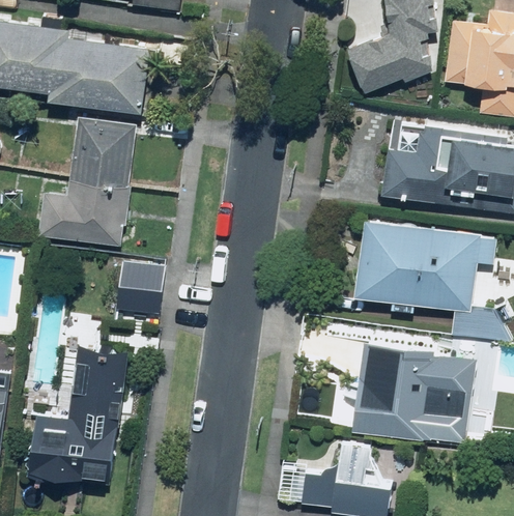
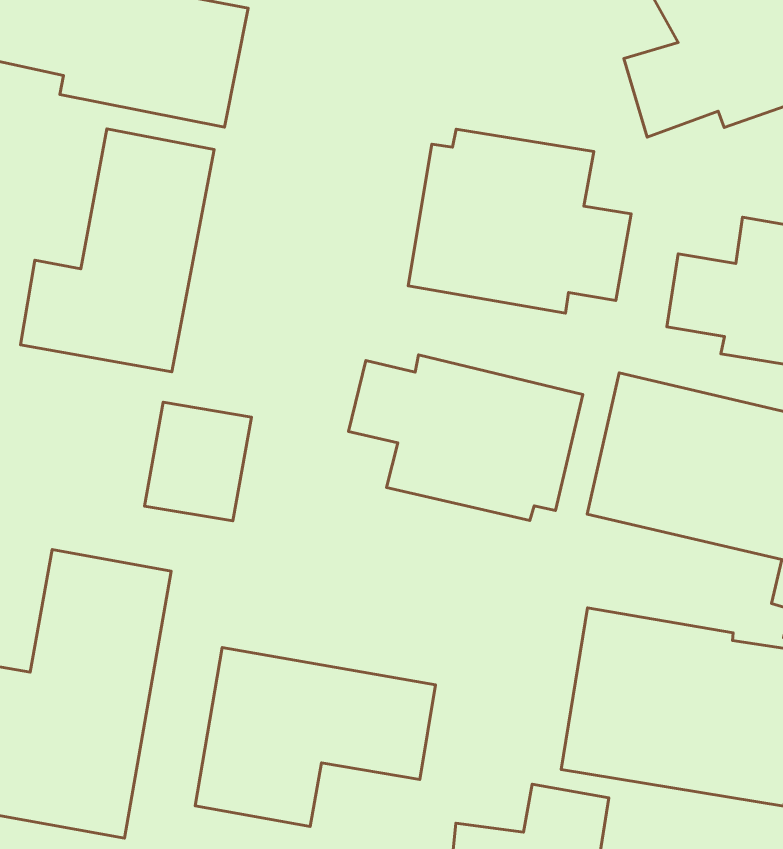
building: none -> [408,129,631,313]
building: none -> [349,355,583,520]
building: none -> [195,647,435,827]

